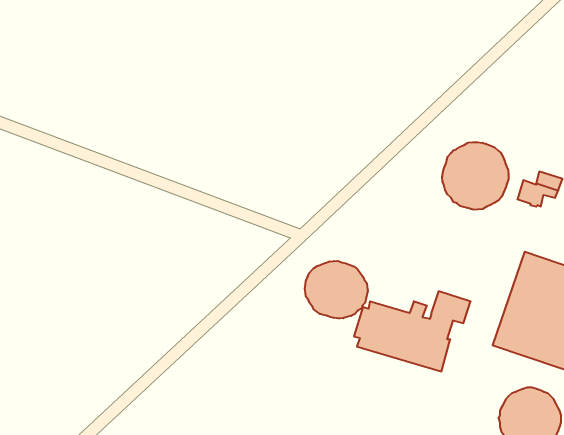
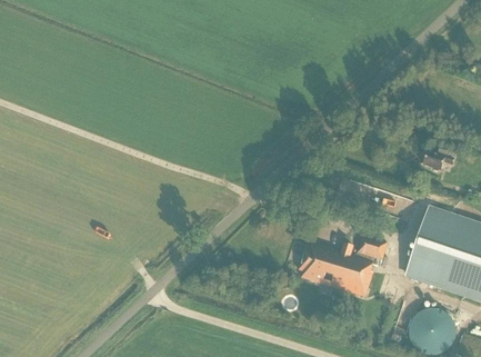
building: [442,142,509,210] -> none
building: [305,261,368,319] -> none

